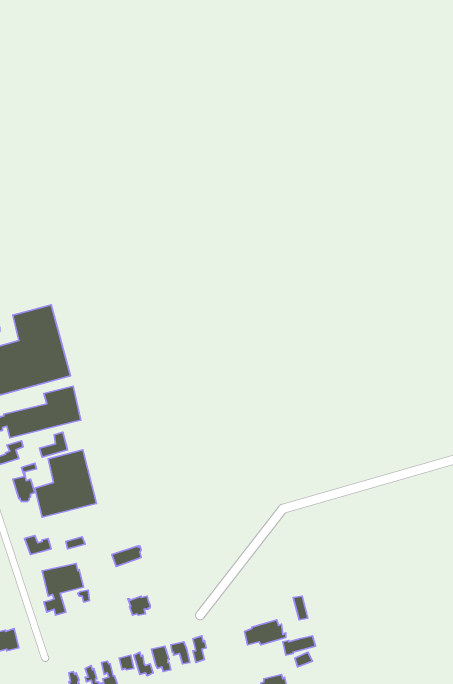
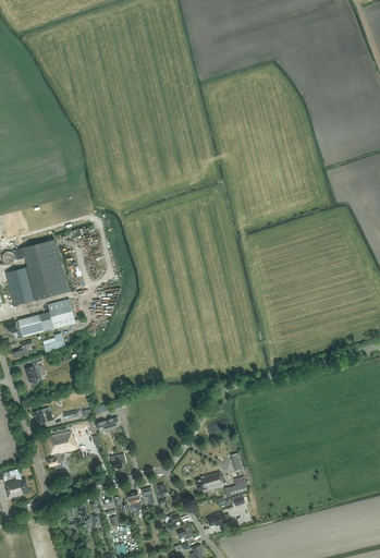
building: [35,450,96,517] -> none

